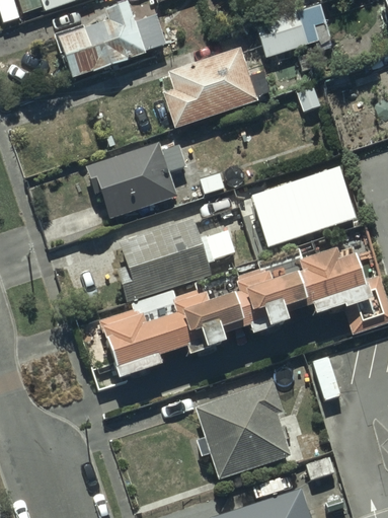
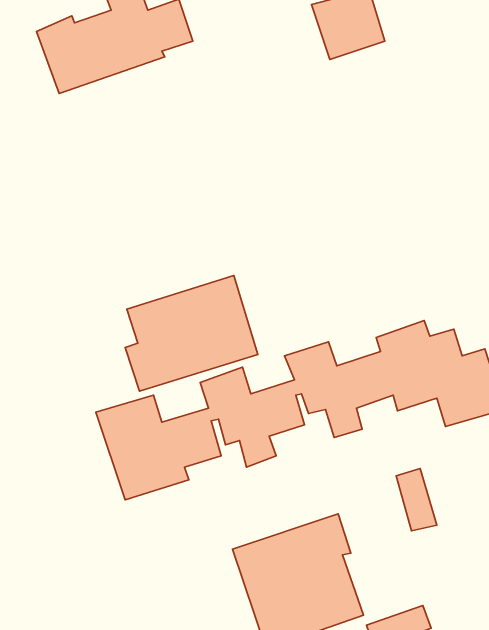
building: [166,51,257,129] -> none
building: [86,144,179,224] -> none
building: [256,161,362,243] -> none

